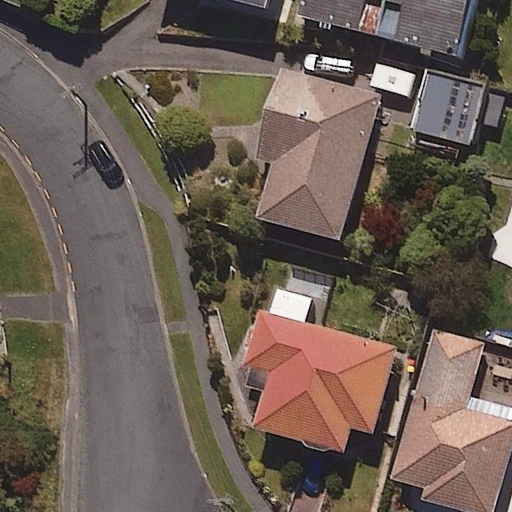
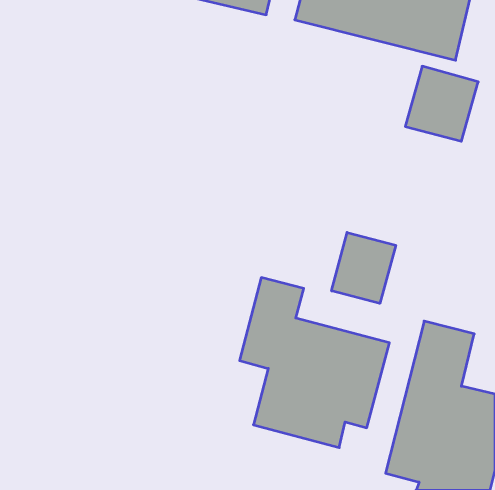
building: [256,66,380,241] -> none
building: none -> [332,232,396,303]

